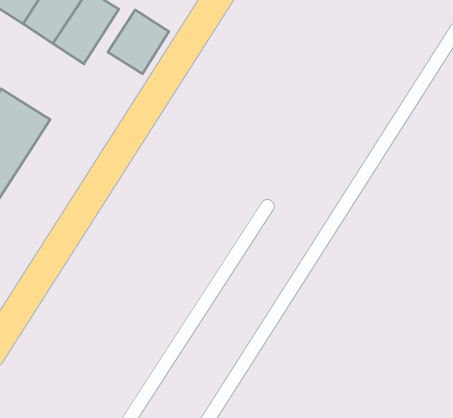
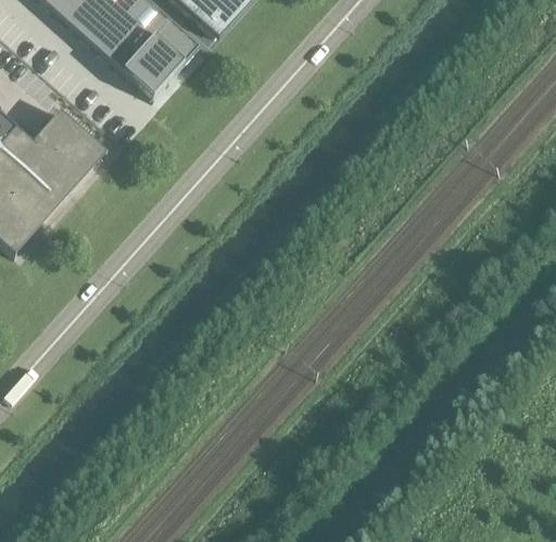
building: [108,10,169,74] -> none

